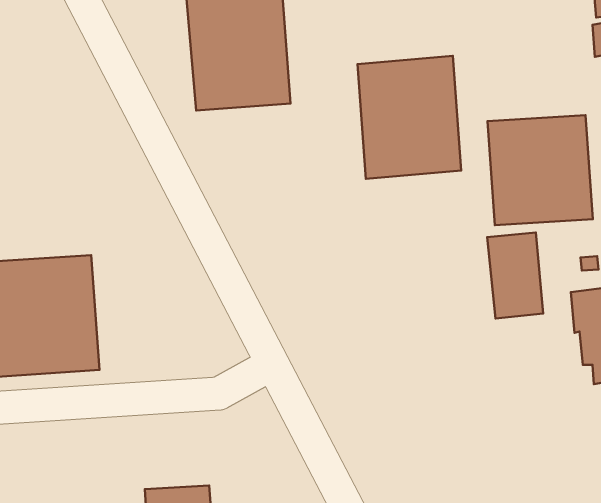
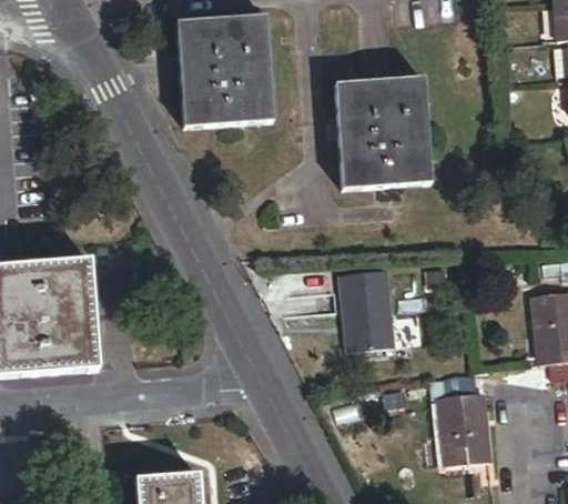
building: [487,115,593,225] -> none
building: [487,232,543,318] -> [342,270,394,350]
building: none -> [440,375,490,465]

